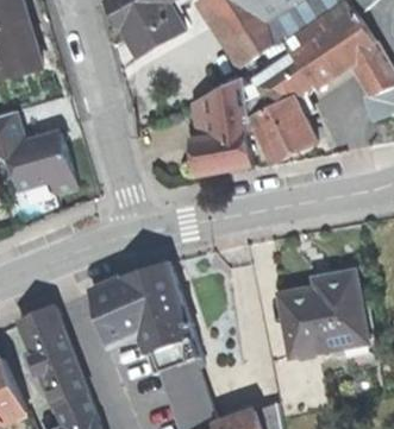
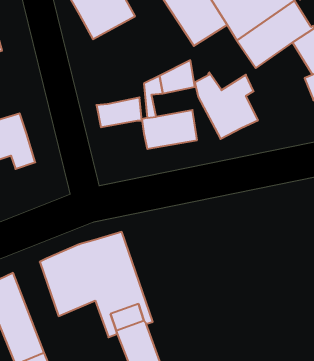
building: [256,56,312,109] -> none
building: [200,106,249,138] -> [96,97,142,127]
building: [280,270,367,354] -> none

